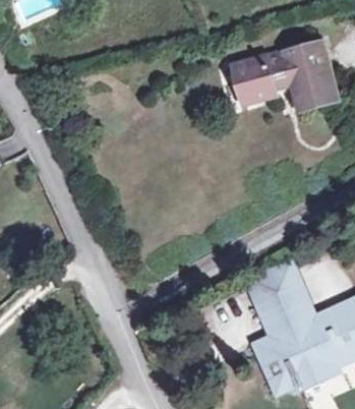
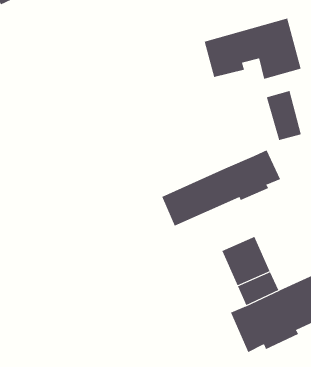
building: none -> [266,90,302,141]
building: none -> [162,149,281,227]

